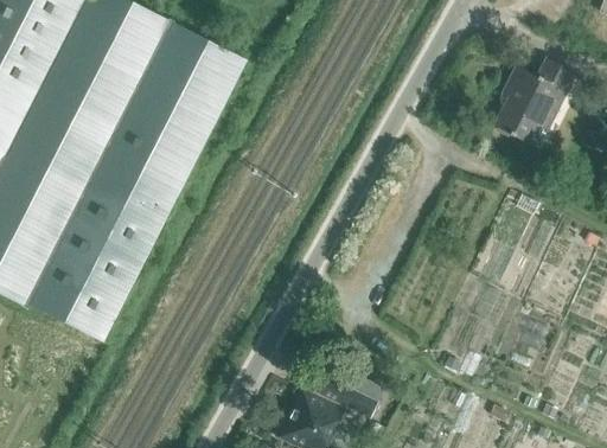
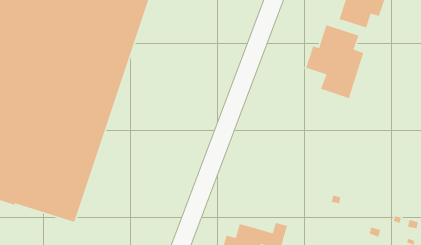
building: none -> [305,24,364,99]

